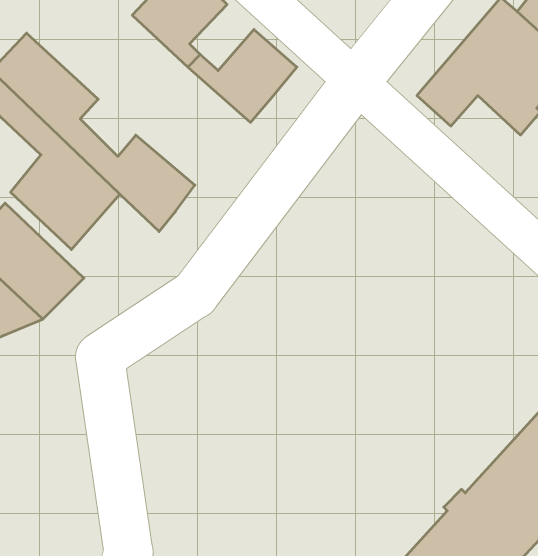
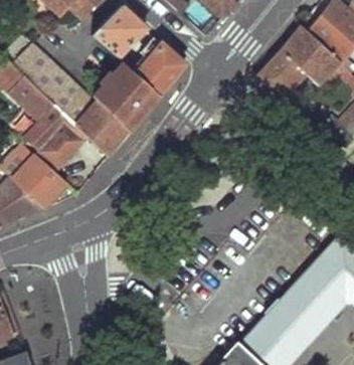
building: none -> [93,63,159,130]

